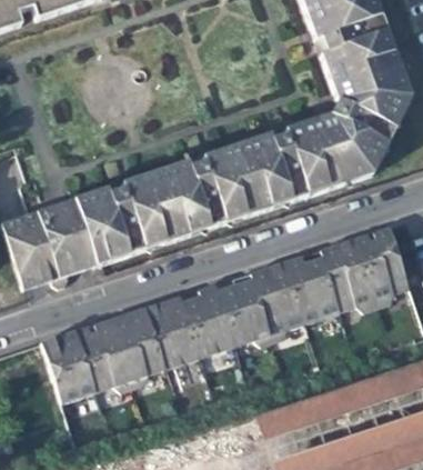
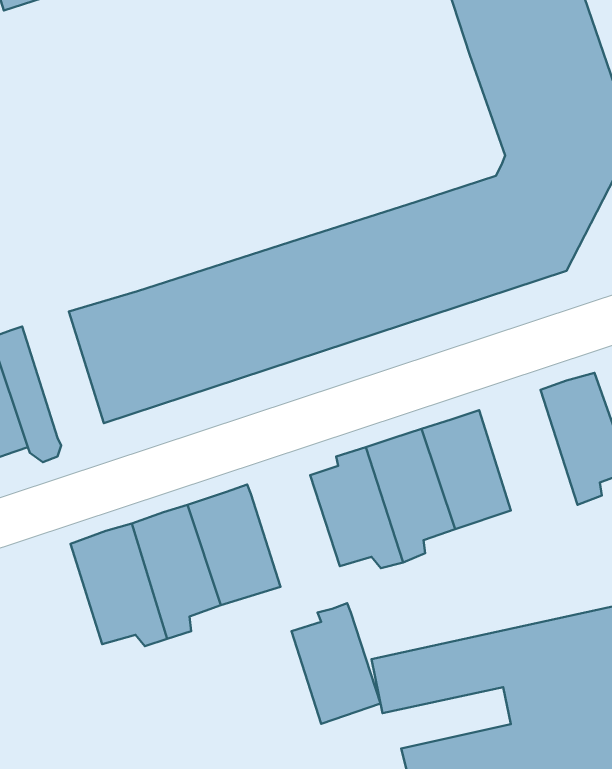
building: [48,194,97,270] -> none
building: [321,241,380,313] -> none
building: [184,287,238,359] -> [291,603,381,724]
building: [41,333,95,404] -> none

